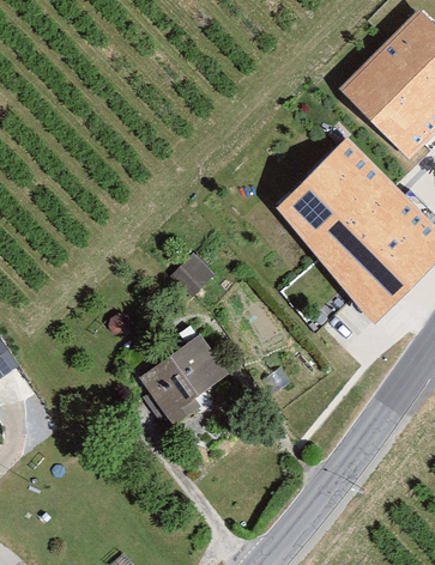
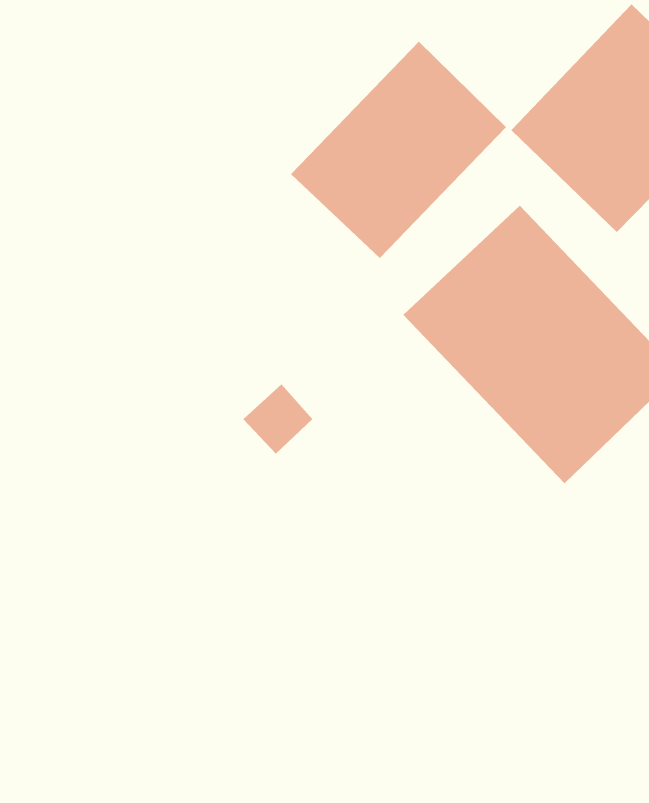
building: none -> [290,41,507,259]
building: [133,335,225,423] -> none

